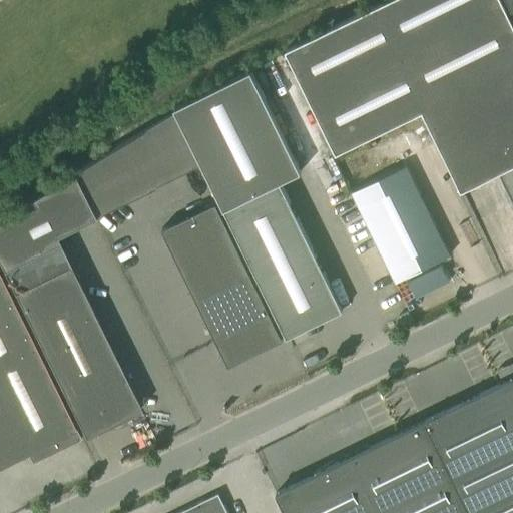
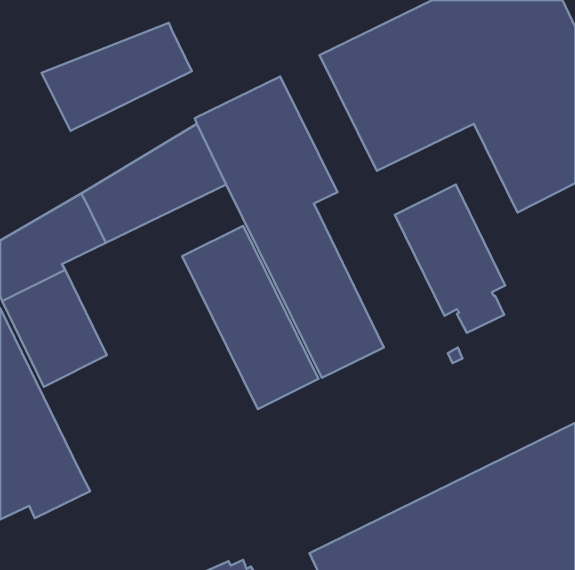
building: none -> [41,23,192,131]
building: [39,321,140,440] -> none

